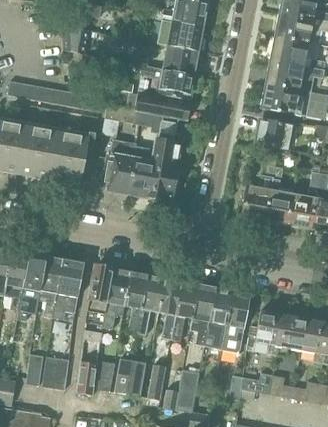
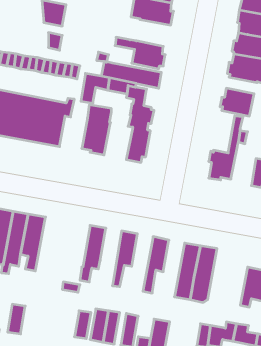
building: [141,46,200,75] -> none
building: [128,146,159,197] -> none
building: [265,183,292,225] -> none
building: [54,259,83,319] -> none
building: [87,266,111,313] -> none
building: [124,271,147,333] -> none
building: [158,277,181,339] -> none
building: [190,284,215,345] -> none
building: [254,309,283,354] -> none
building: [41,356,68,389] -> none
building: [76,360,97,394] -> none

